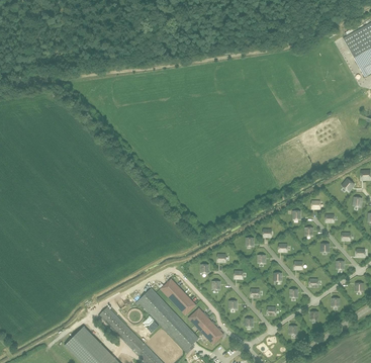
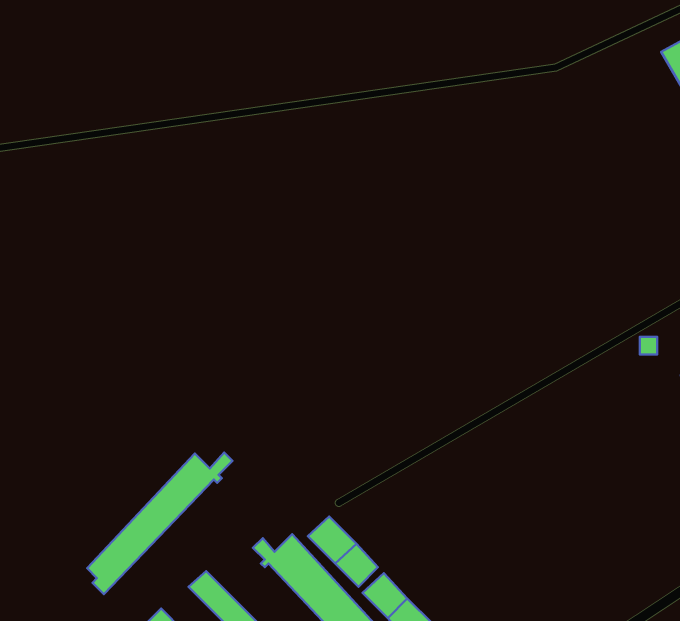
building: none -> [87,453,232,594]

